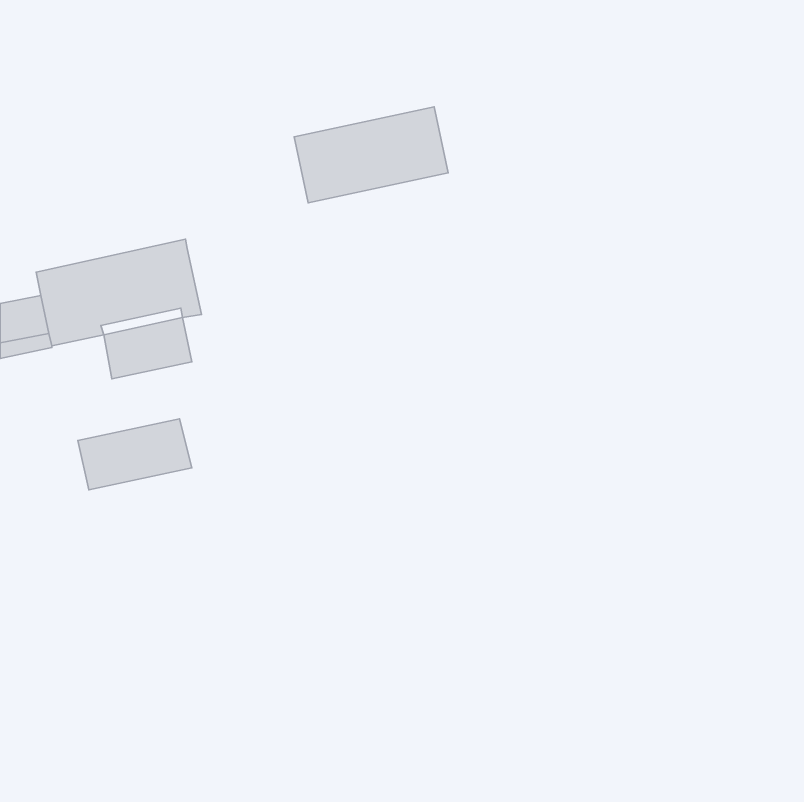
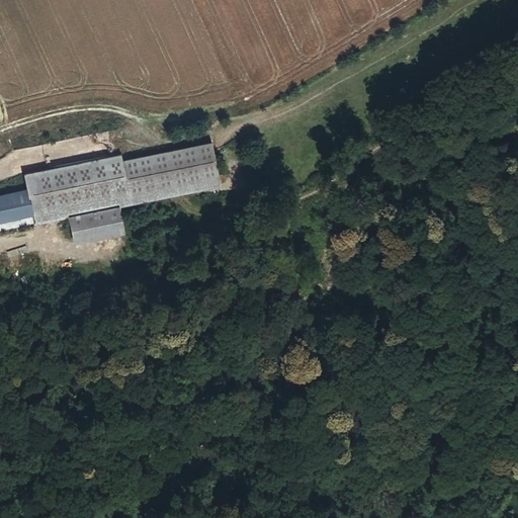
building: [294,107,448,203] -> [120,142,220,203]
building: [78,419,192,490] -> none

